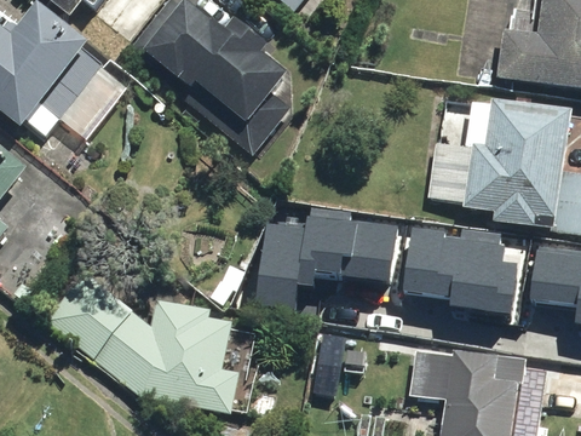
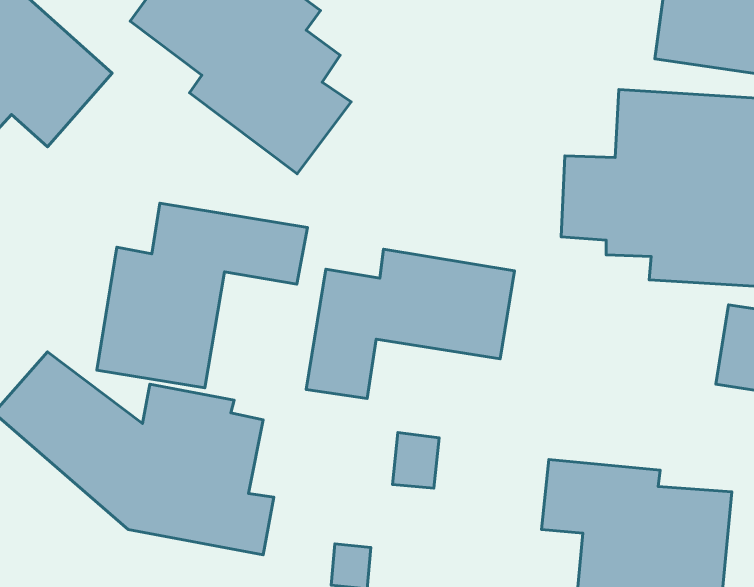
building: none -> [97,203,307,388]
building: [410,228,520,314] -> none

